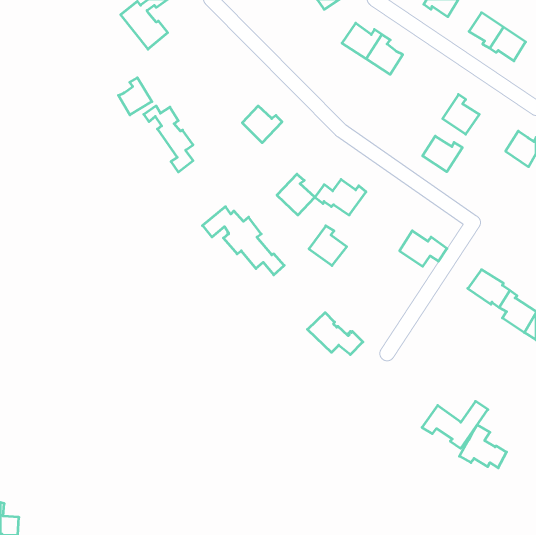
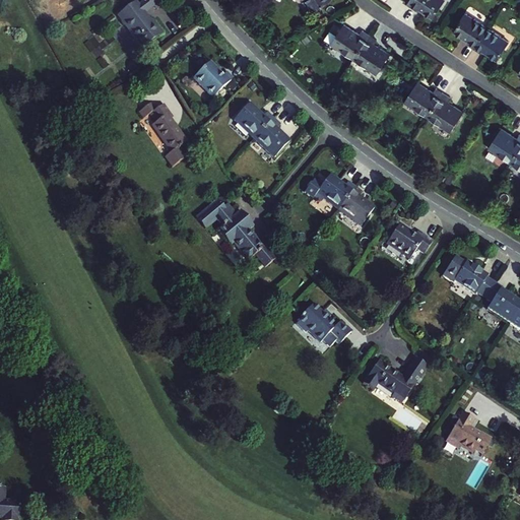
building: none -> [193,61,233,96]
building: [118,78,152,115] -> none
building: [423,136,462,172] -> [405,80,444,115]
building: [277,174,315,215] -> [254,118,290,157]
building: [309,226,347,266] -> [338,186,375,224]
building: [422,401,488,448] -> [363,358,427,403]

